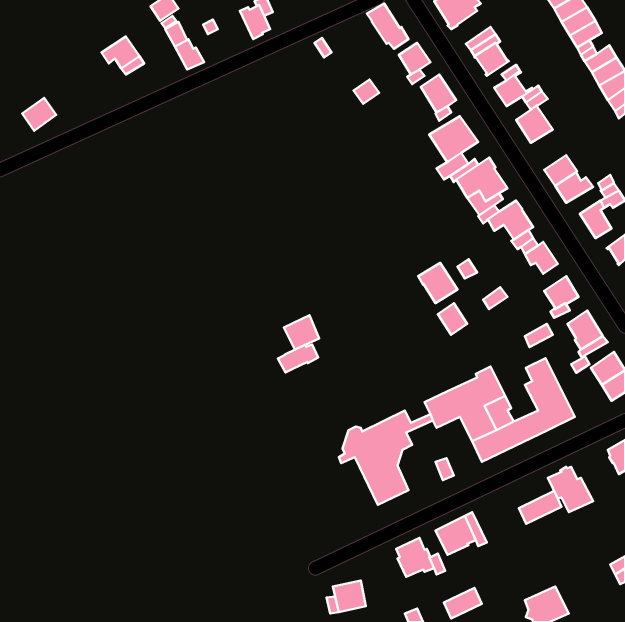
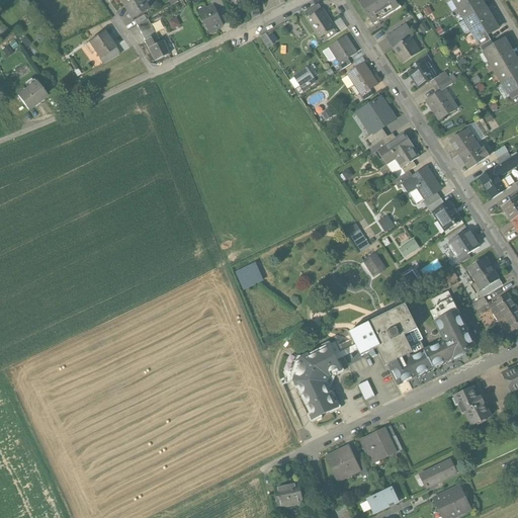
building: [278,345,318,372] -> none
building: [519,491,561,524] -> [421,459,456,487]

